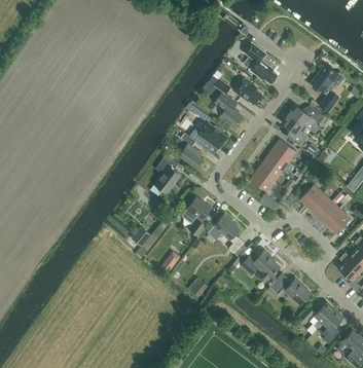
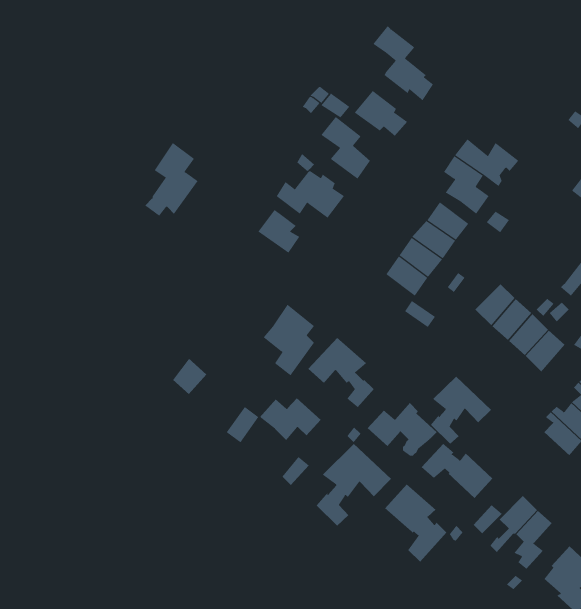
building: [312,64,343,111] -> none
building: [151,153,181,194] -> [145,142,198,217]
building: none -> [430,376,492,445]
building: none -> [259,398,321,441]
building: none -> [316,443,392,527]
building: none -> [384,483,447,562]

